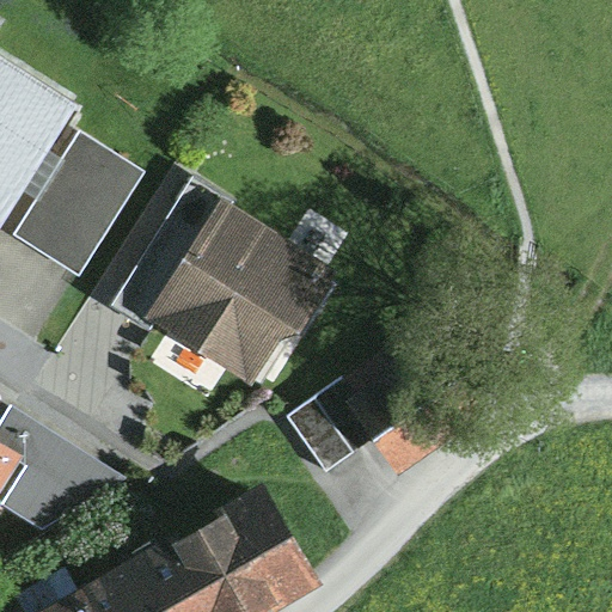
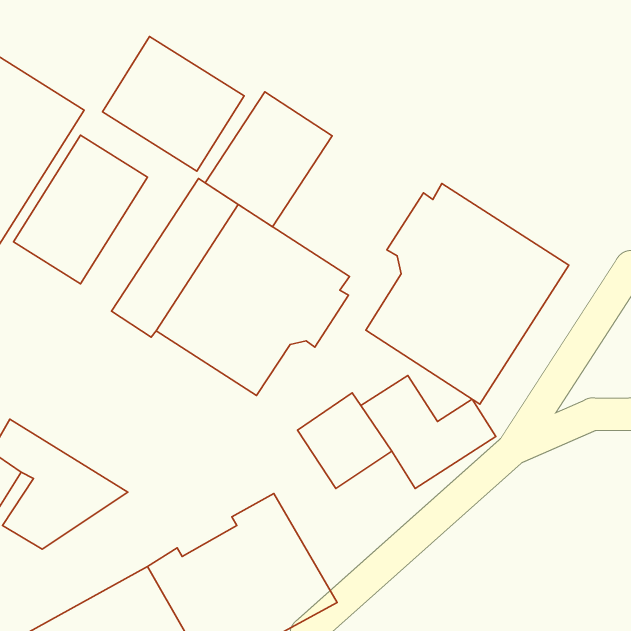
building: none -> [102,36,244,171]
building: none -> [205,92,332,227]
building: none -> [366,183,569,404]

